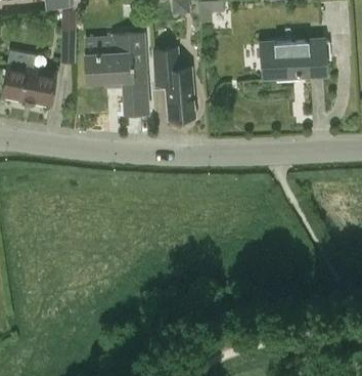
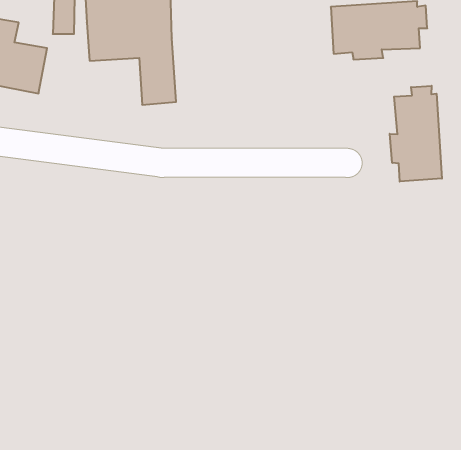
building: [152,49,195,122] -> none
building: none -> [390,86,442,182]

